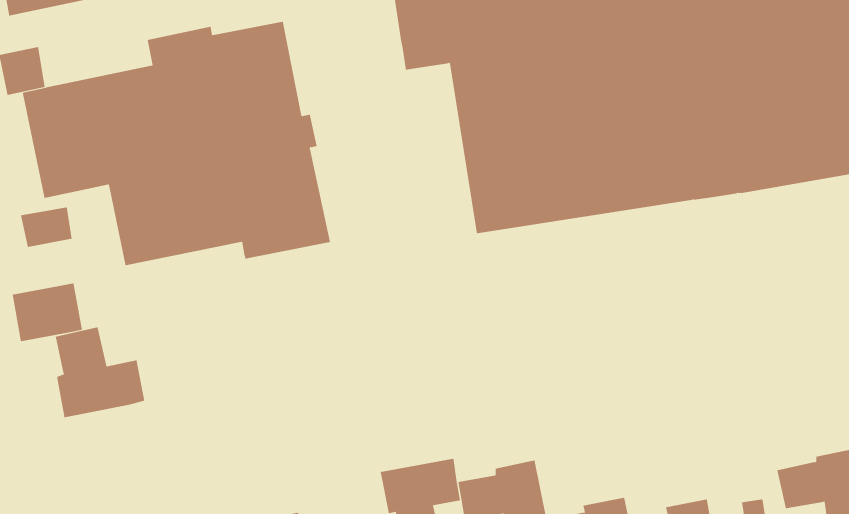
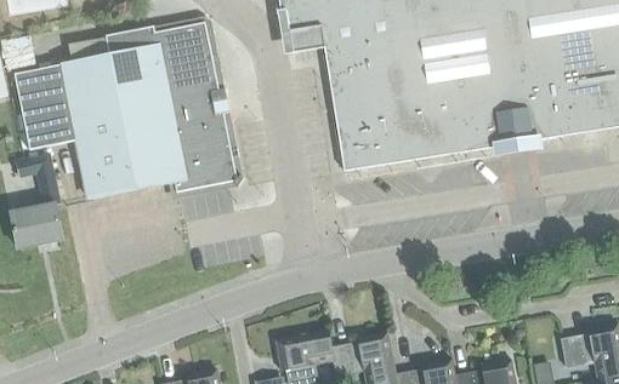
building: [55,327,145,418] -> none

